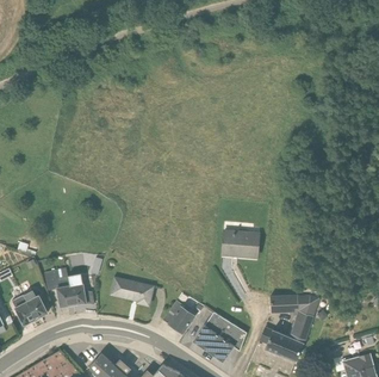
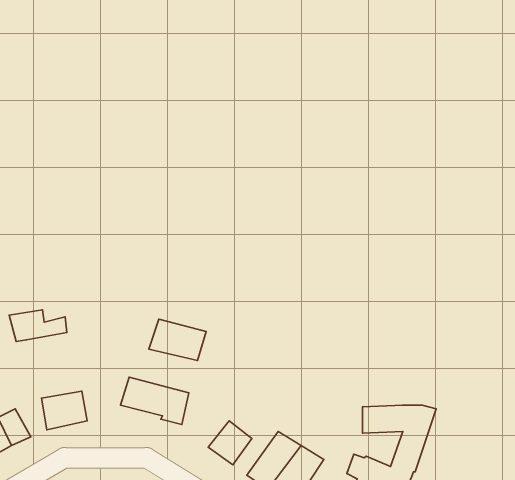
building: [220,228,259,265] -> none
building: none -> [149,319,206,360]
building: [38,273,77,295] -> [9,310,67,341]

